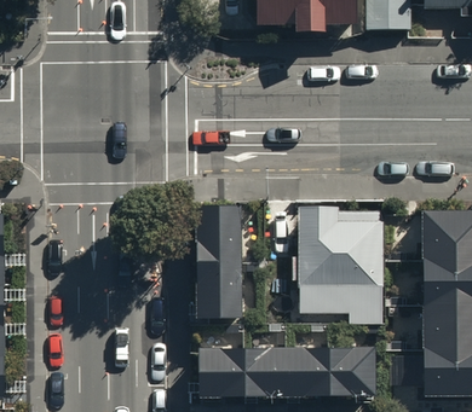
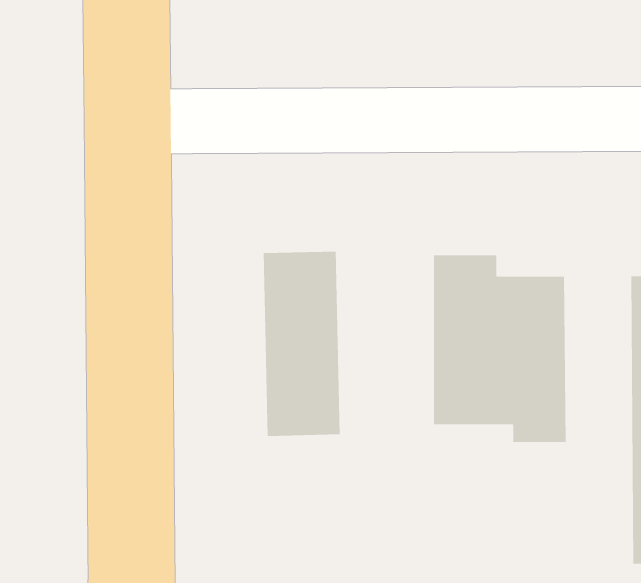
building: [198,348,380,400] -> none

